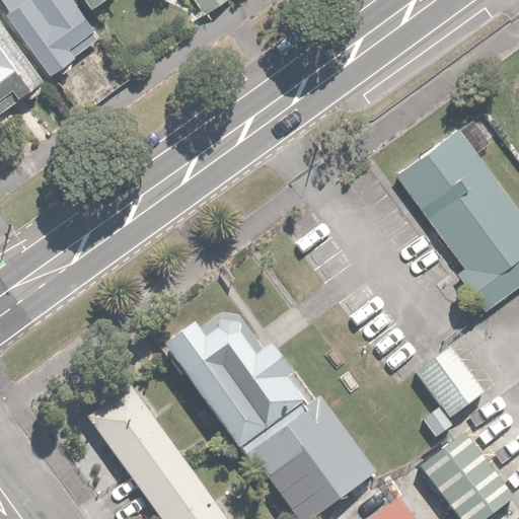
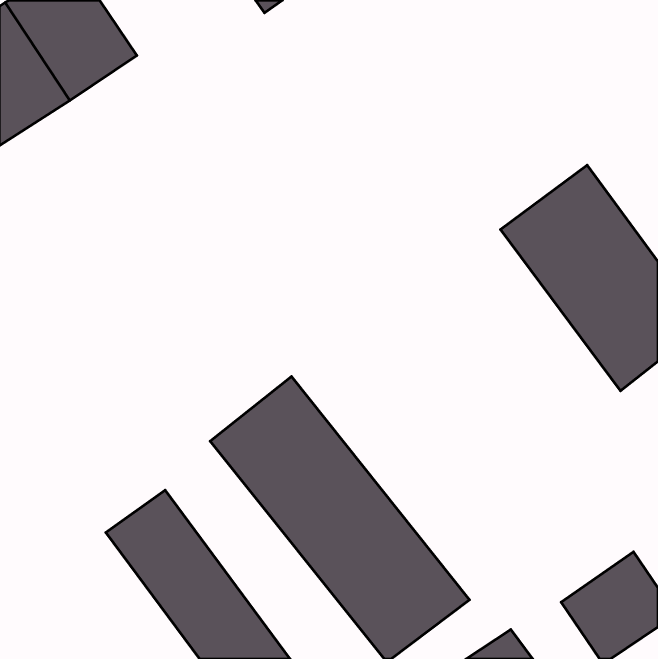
building: [418,346,479,412] -> none

